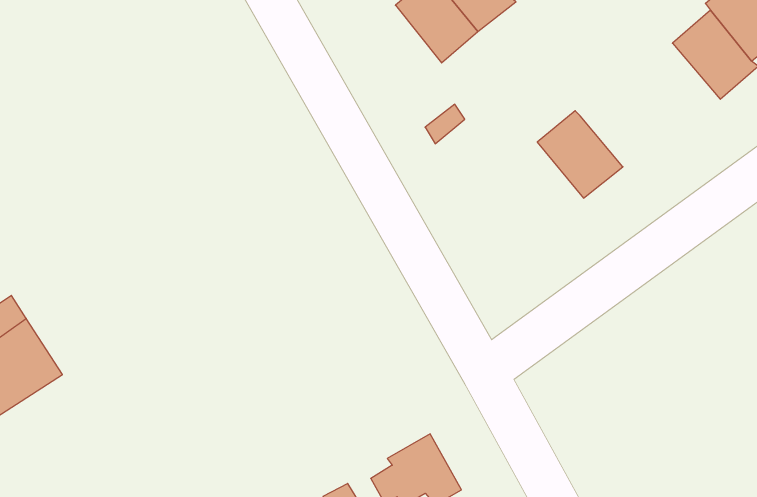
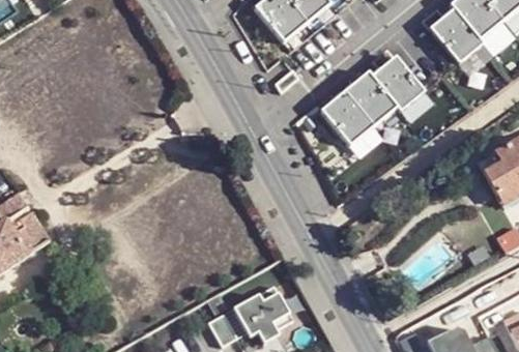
building: none -> [372,60,426,115]
building: none -> [321,95,374,150]

